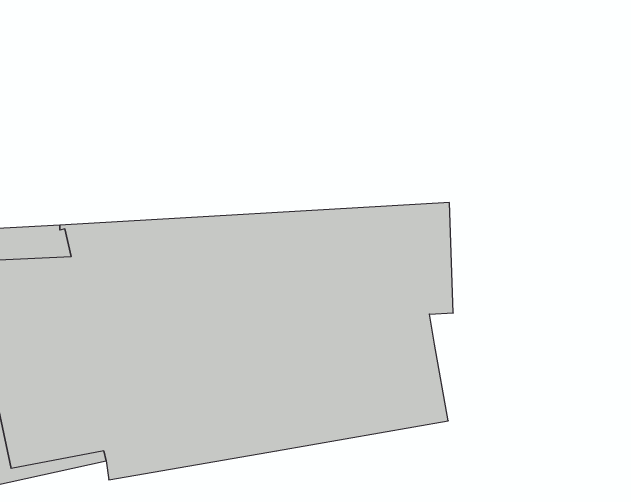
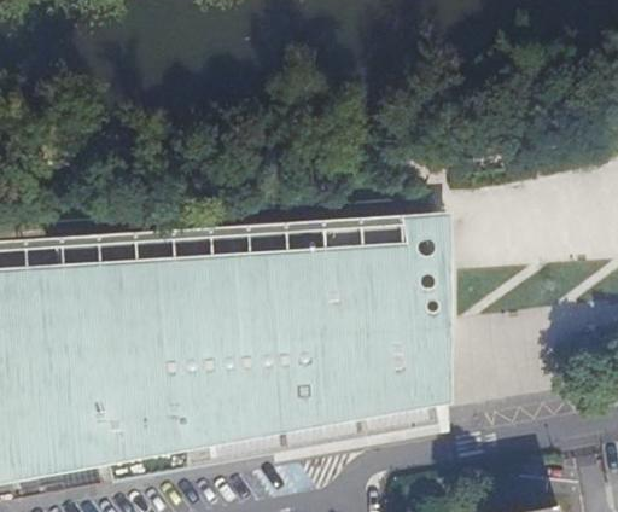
building: none -> [267,213,456,461]

